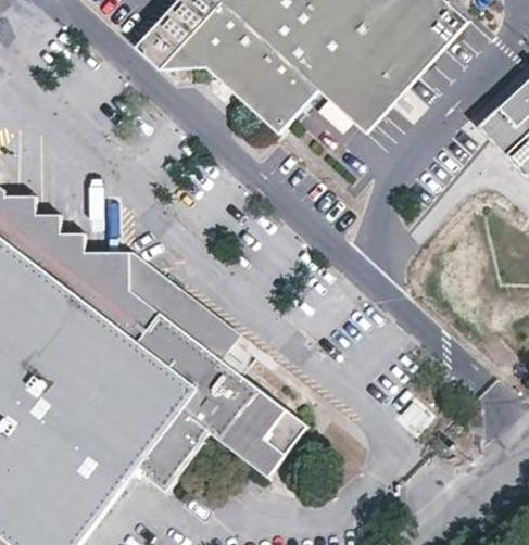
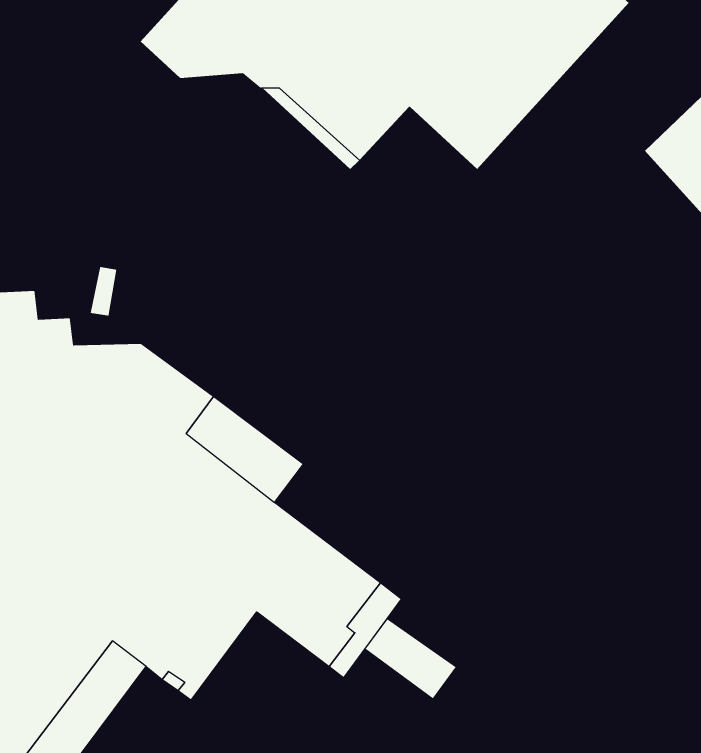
building: none -> [365,619,457,699]

